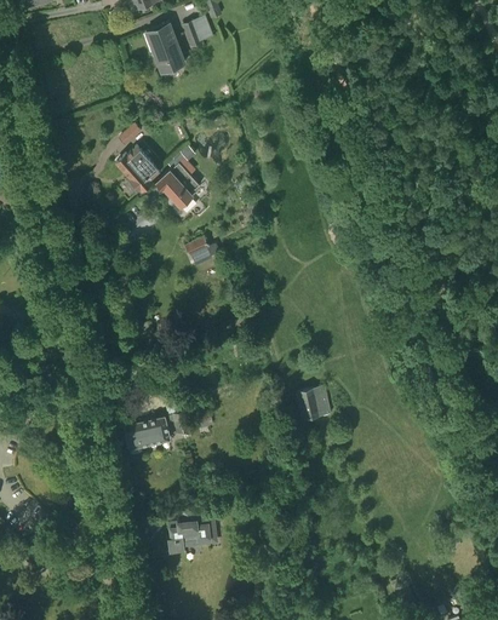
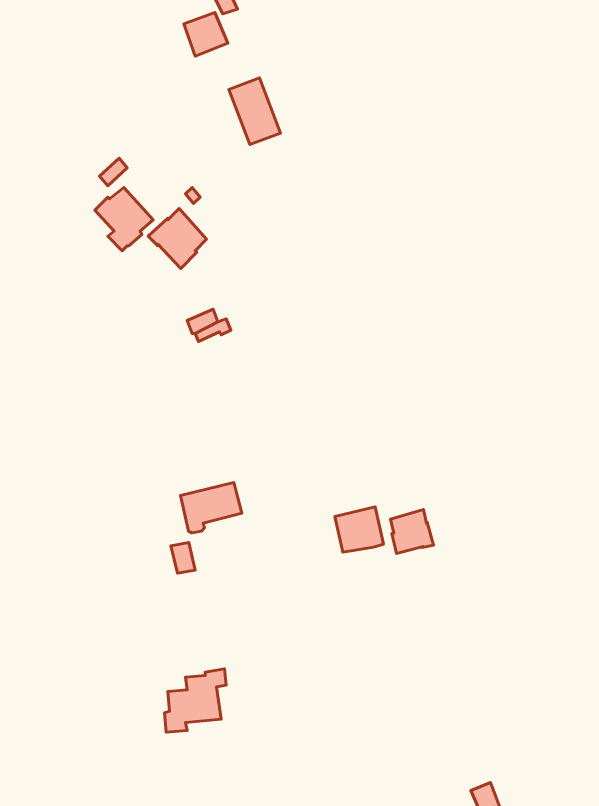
building: [145,23,184,73] -> [229,78,281,144]
building: none -> [391,510,433,553]
building: [124,417,170,454] -> [180,483,242,533]

